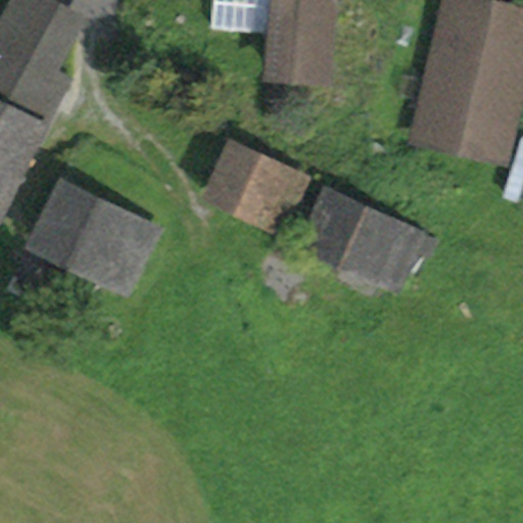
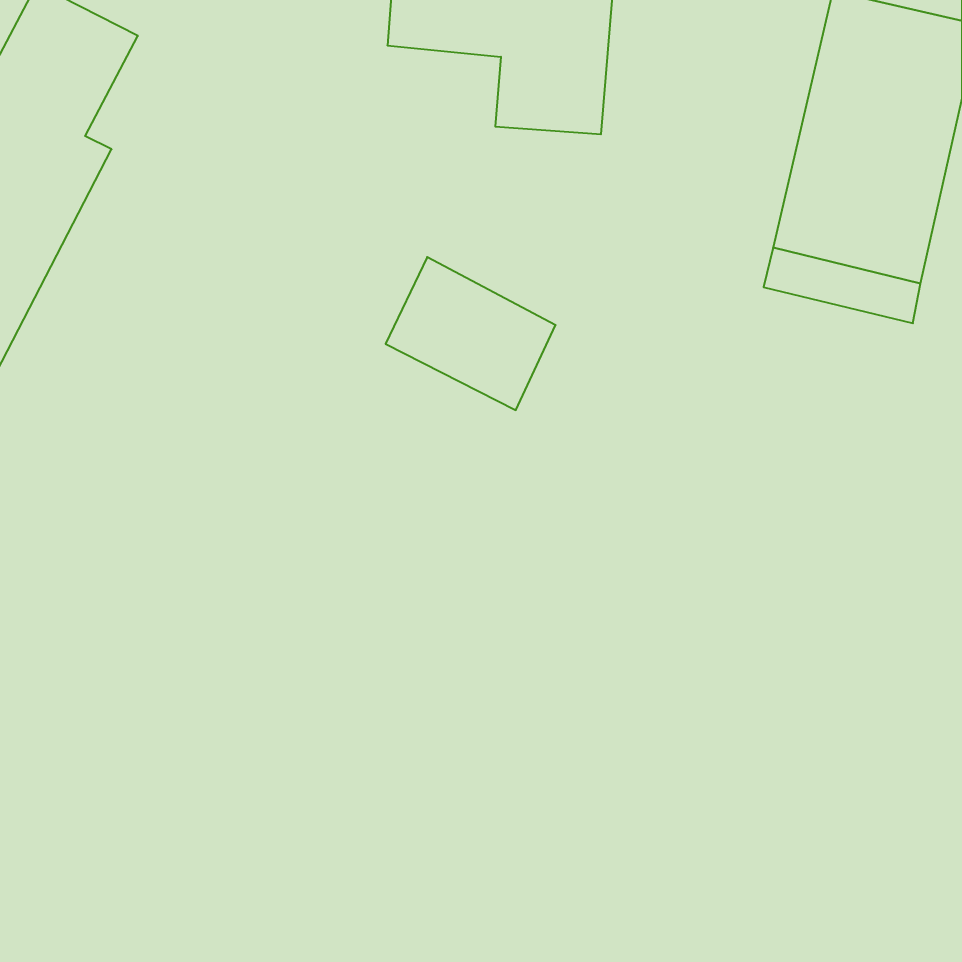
building: [33,180,156,284] -> none
building: [305,187,435,288] -> none

